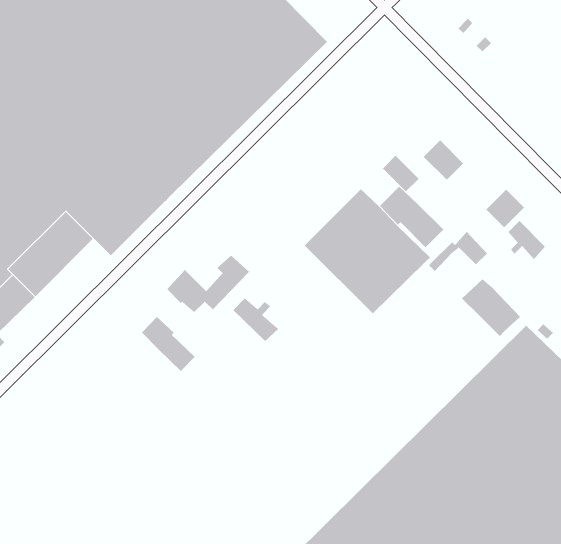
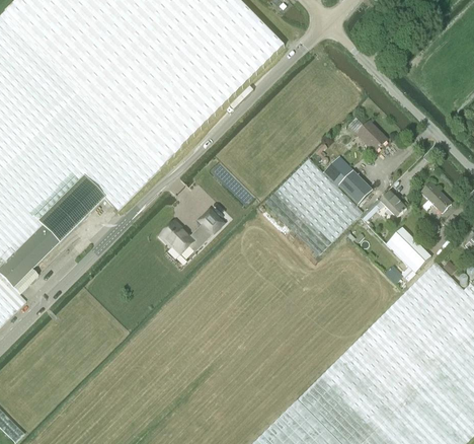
building: [382,155,419,192] -> none
building: [485,189,525,228] -> none
building: [232,297,279,342] -> none
building: [141,316,195,372] -> none

